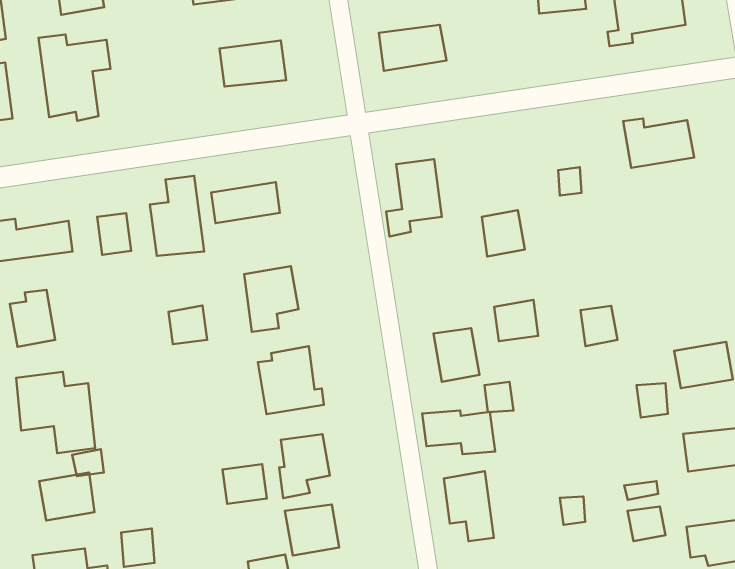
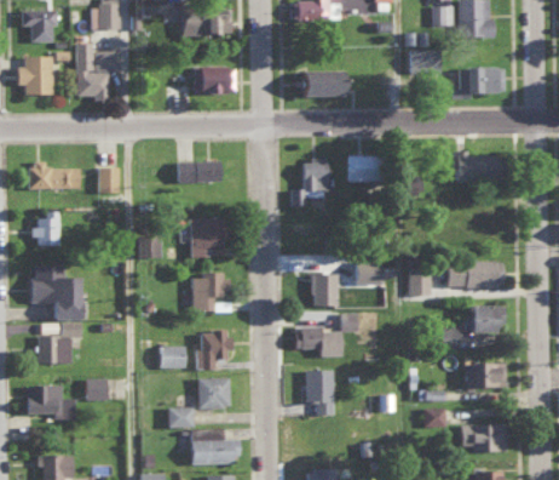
building: [150,176,204,256] -> none
building: [482,210,525,256] -> [346,154,371,182]
building: none -> [446,262,503,287]

